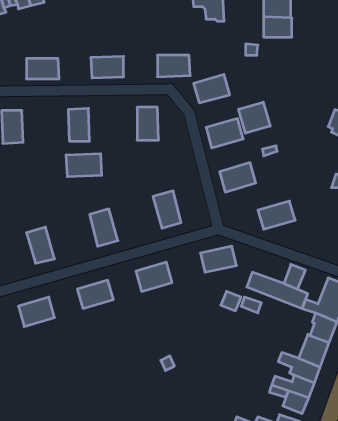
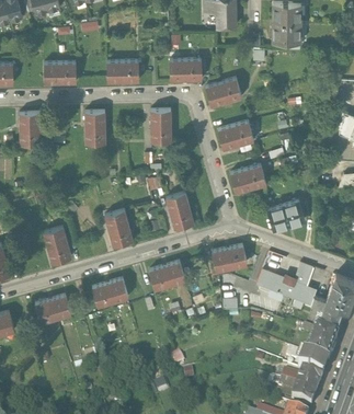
building: [239,102,270,133] -> none
building: [66,154,102,177] -> none

